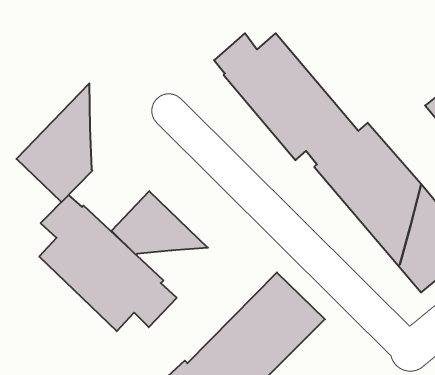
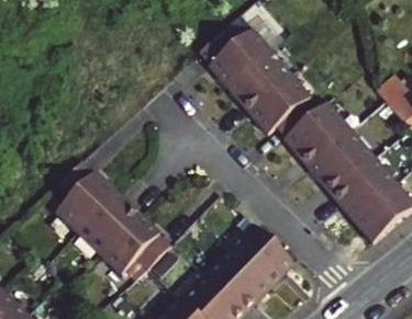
building: [16,83,92,202] -> none
building: [111,191,208,255] -> none

